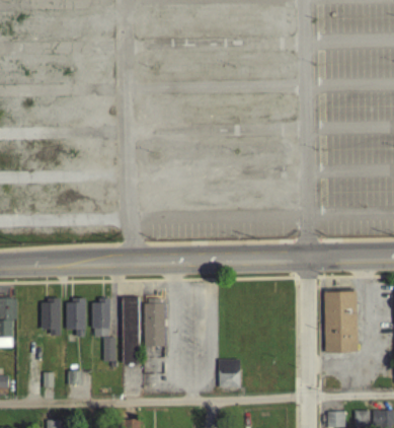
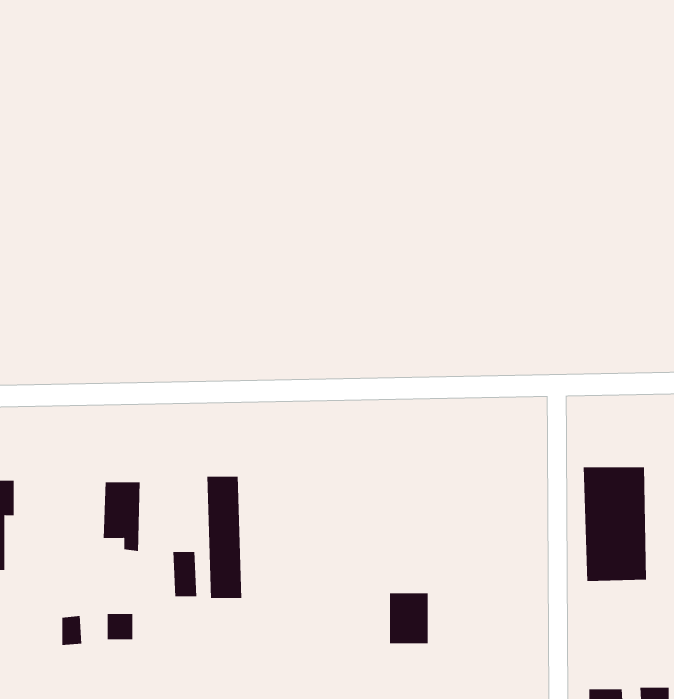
building: [42,299,62,336] -> none
building: [92,299,110,336] -> none
building: [145,302,167,346] -> none

